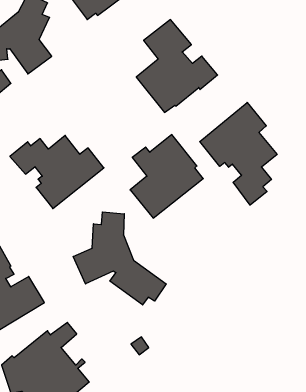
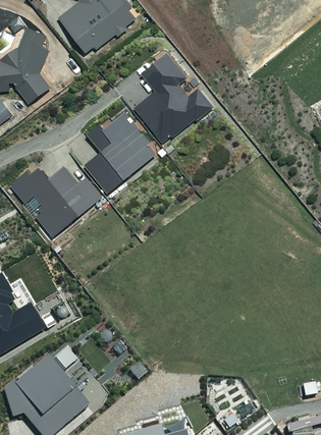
building: [200,102,277,205] -> none
building: [130,135,203,218] -> [85,111,156,193]
building: [73,212,166,305] -> none

